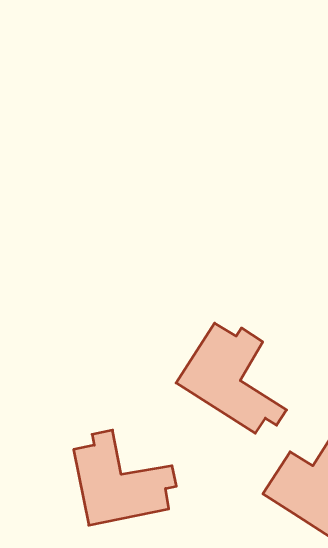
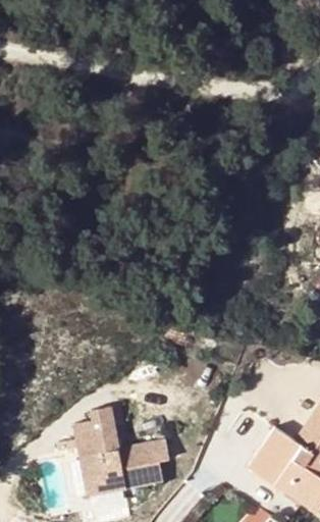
building: [176,323,287,433] -> none

